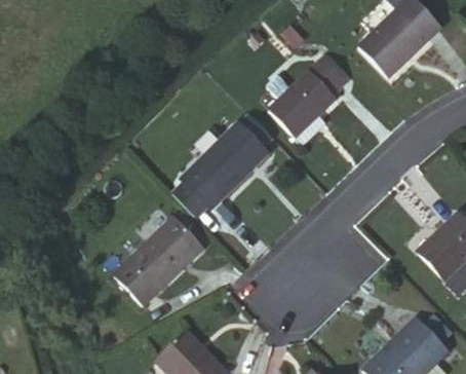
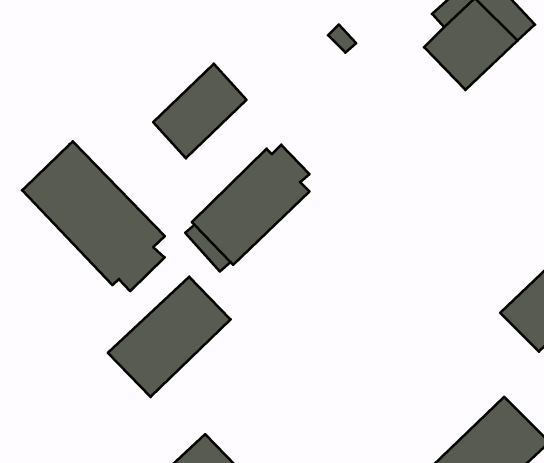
building: [272,55,352,144] -> none
building: none -> [153,64,246,158]
building: none -> [22,141,165,291]

